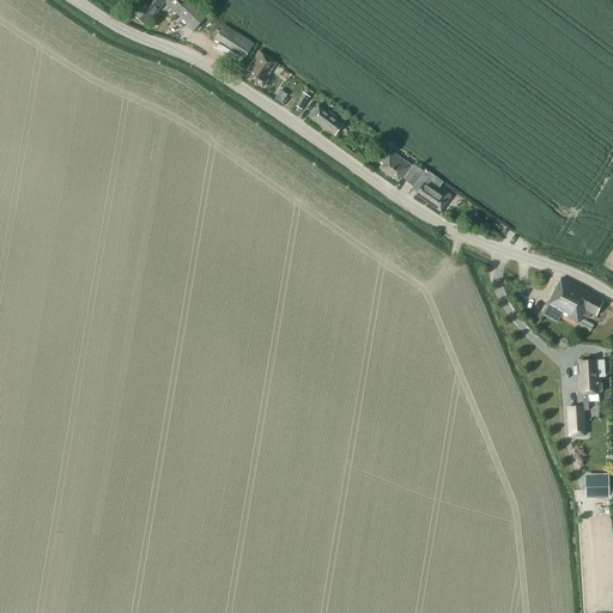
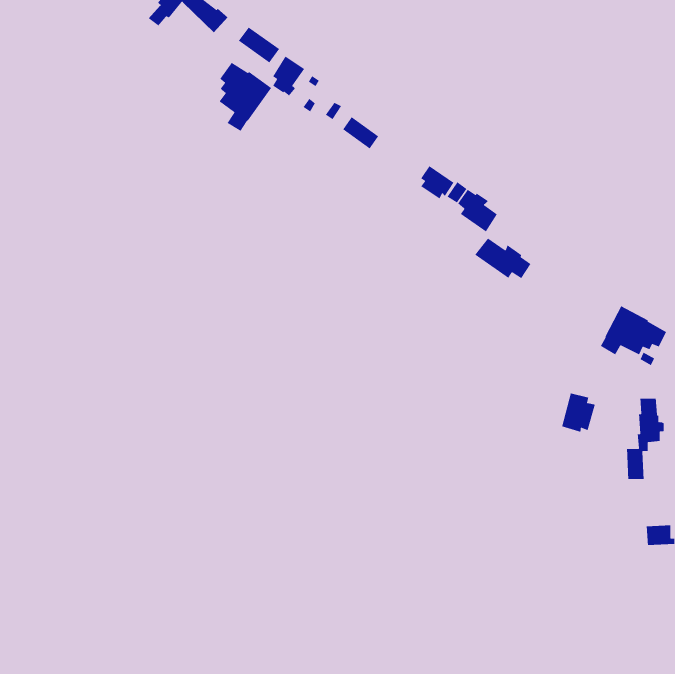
building: none -> [219,62,272,132]
building: none -> [474,237,531,279]
building: none -> [561,392,596,433]

